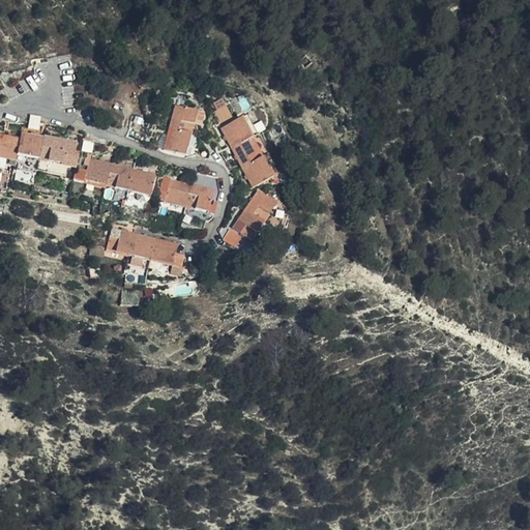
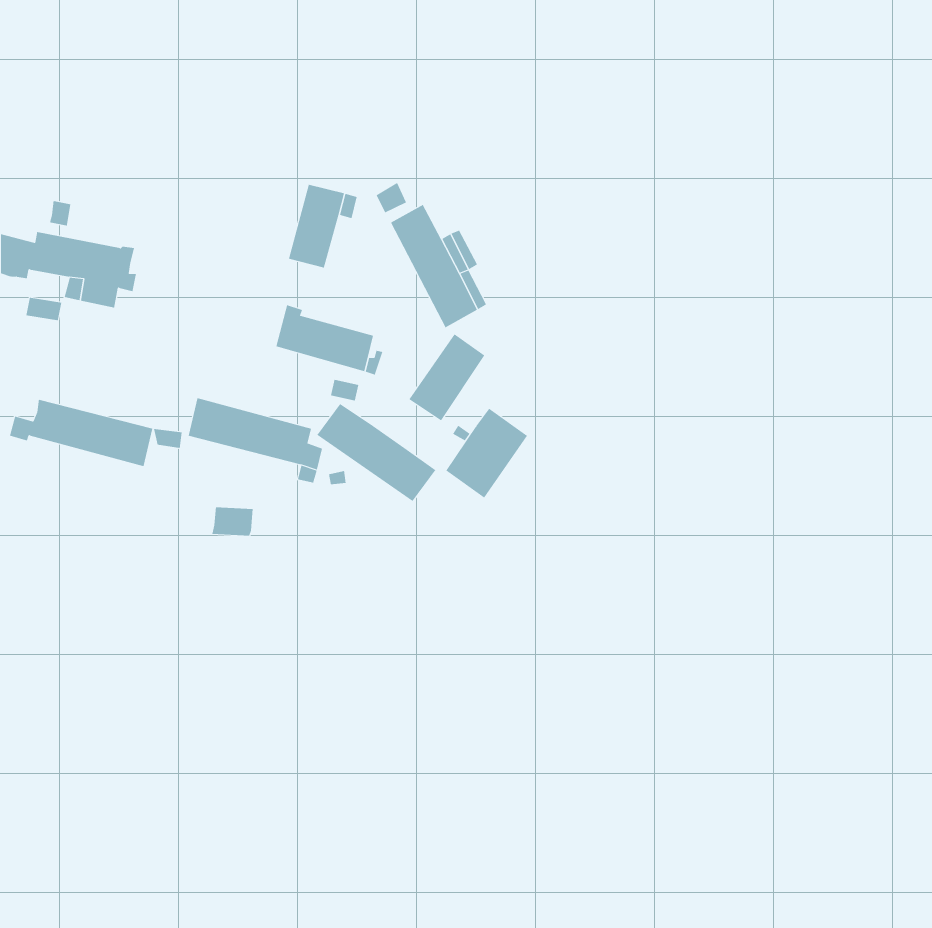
building: [72,157,154,196] -> [9,399,153,467]
building: none -> [317,403,436,502]
building: none -> [445,408,528,498]

